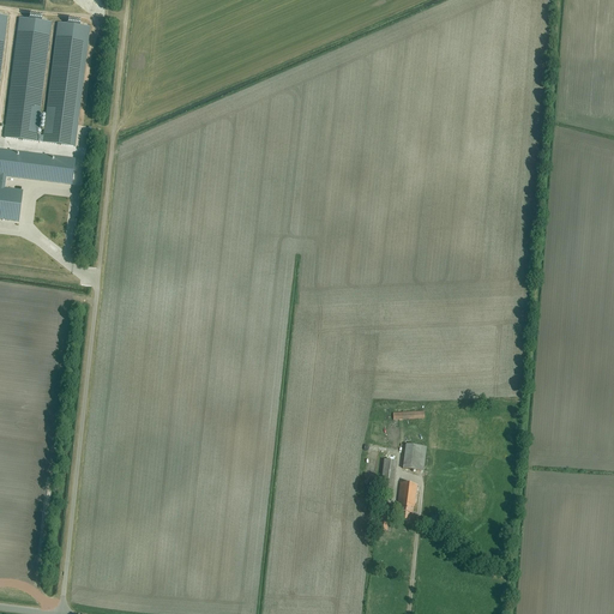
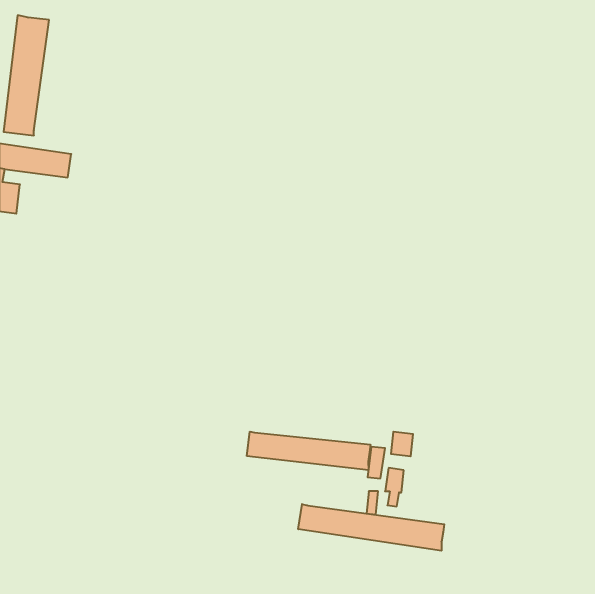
building: [35,22,89,144] -> none
building: none -> [247,432,370,470]
building: none -> [298,504,444,551]

